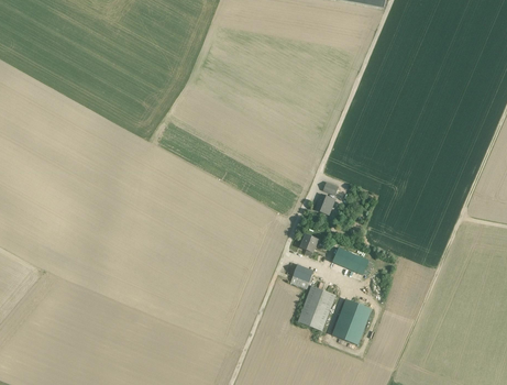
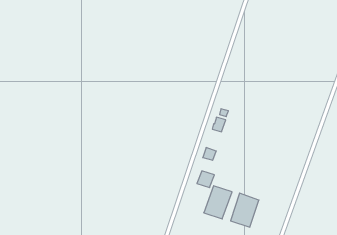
building: [332,246,368,274] -> none

